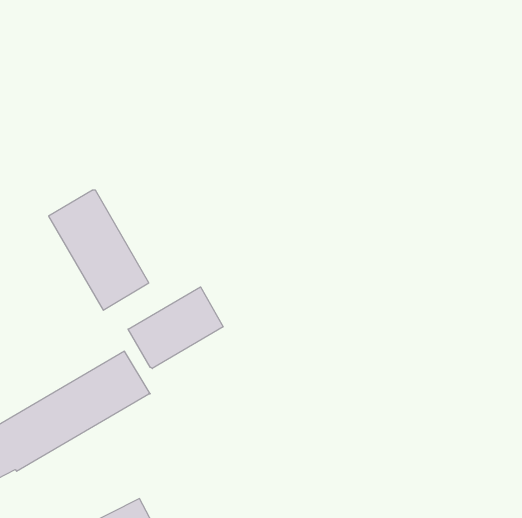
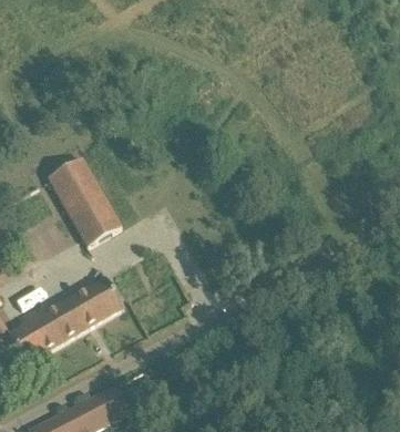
building: [128,287,223,369] -> none

